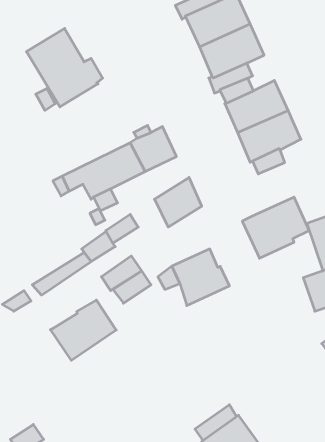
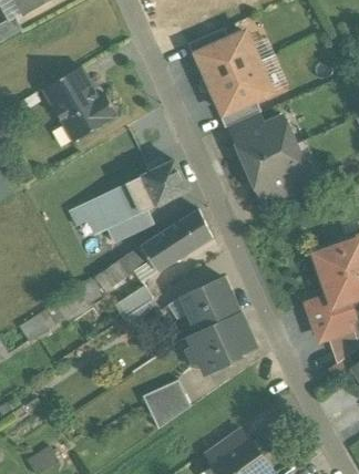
building: [242,197,309,258] -> [188,313,253,372]
building: none -> [143,230,180,270]
building: [50,300,116,360] -> none
building: none -> [142,380,189,429]

